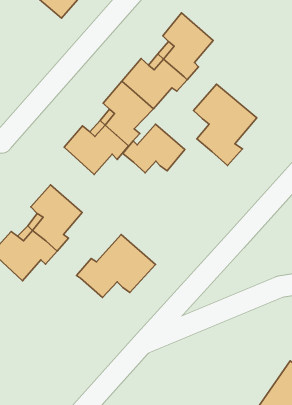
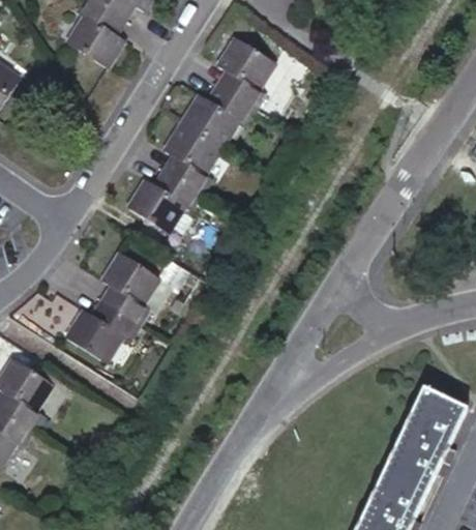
building: [194,84,257,165] -> none
building: [123,124,185,173] -> none
building: [77,234,156,298] -> none

